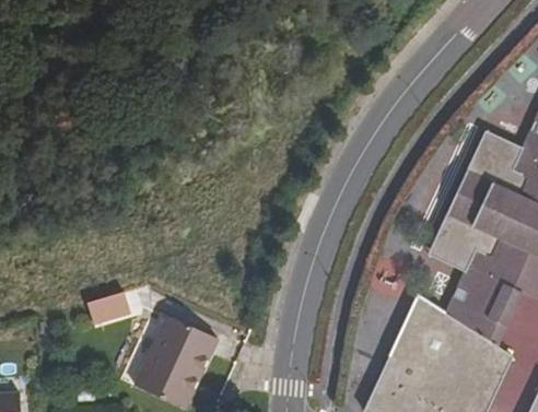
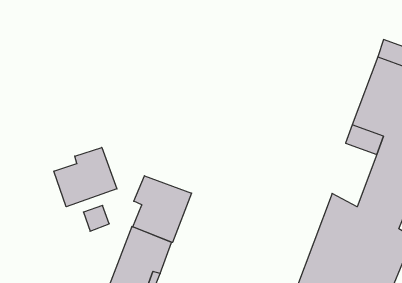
building: none -> [54,147,117,207]
building: none -> [133,176,192,242]

